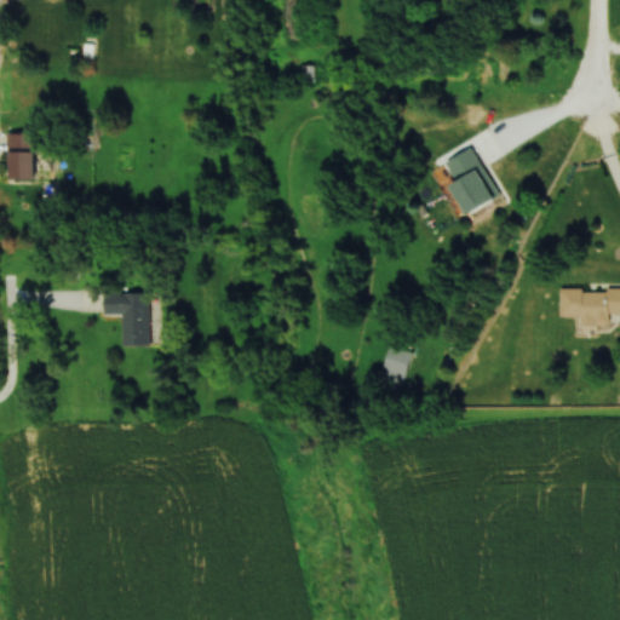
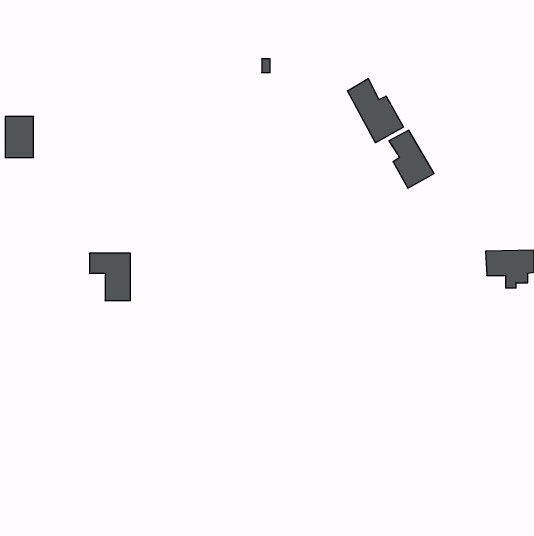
building: none -> [347,78,403,143]
building: [381,348,412,379] -> none

